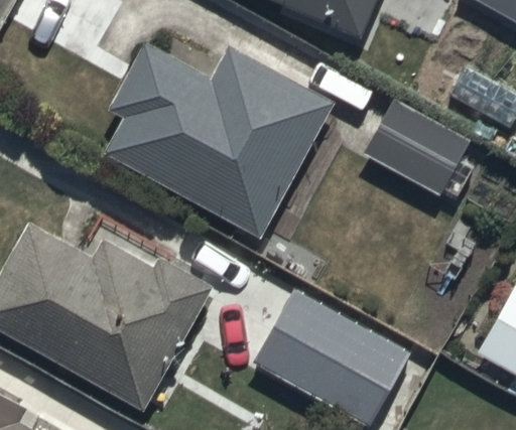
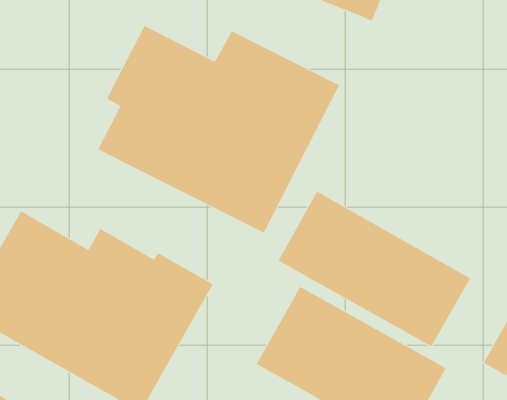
building: [363,97,471,196] -> none
building: none -> [278,191,471,347]

